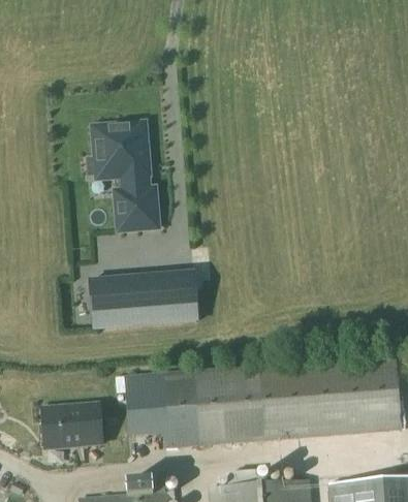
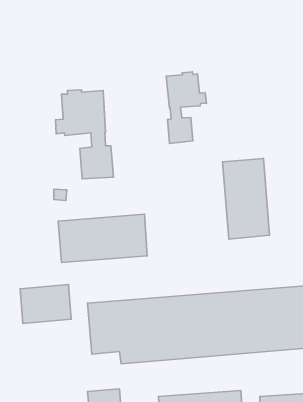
building: none -> [166,72,206,143]
building: none -> [223,159,269,239]
building: [42,403,103,449] -> [20,284,71,323]

